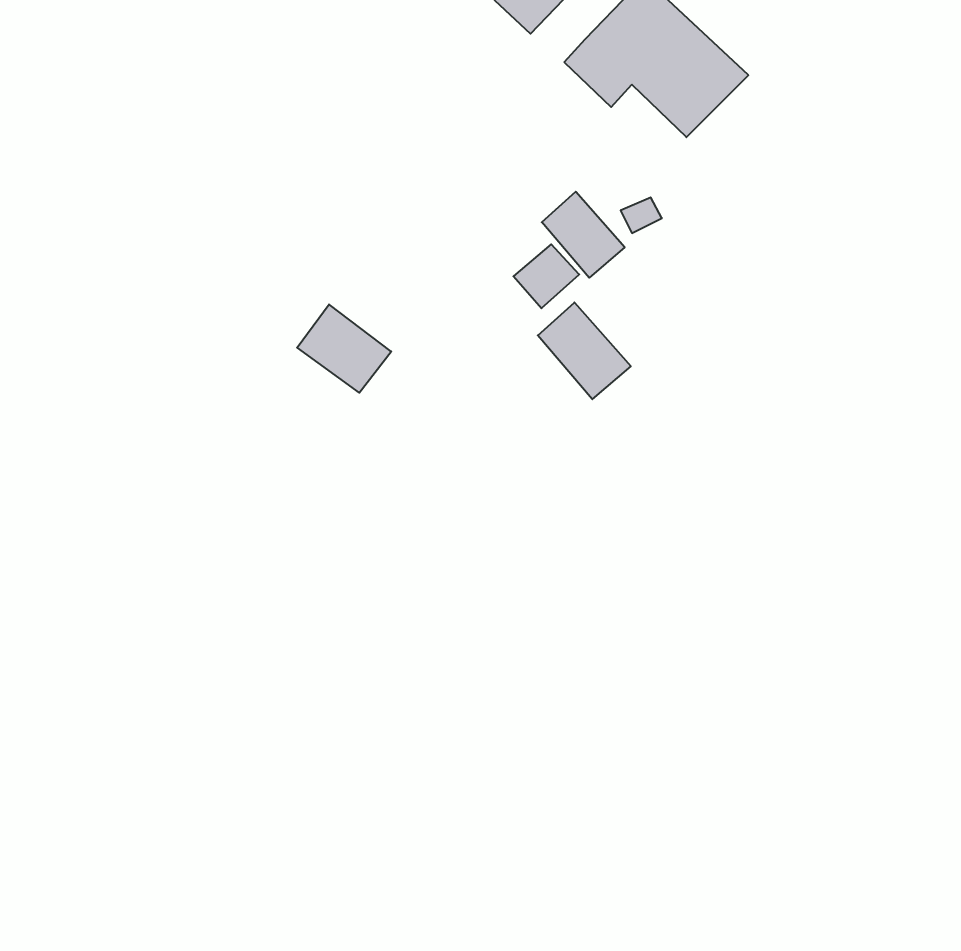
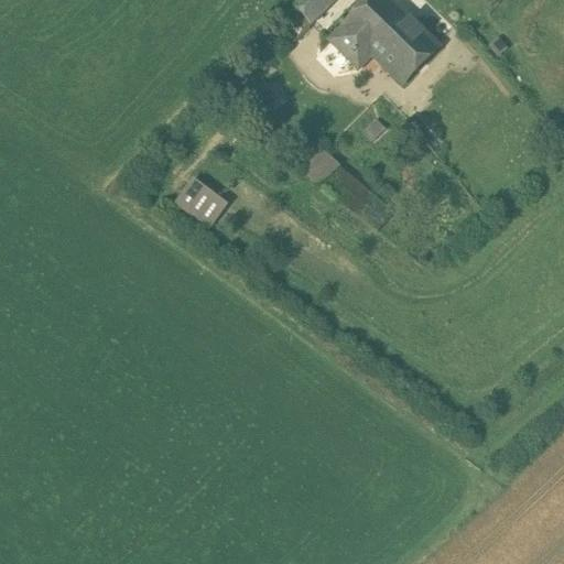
building: [542,192,625,278] -> none
building: [538,302,631,399] -> none

